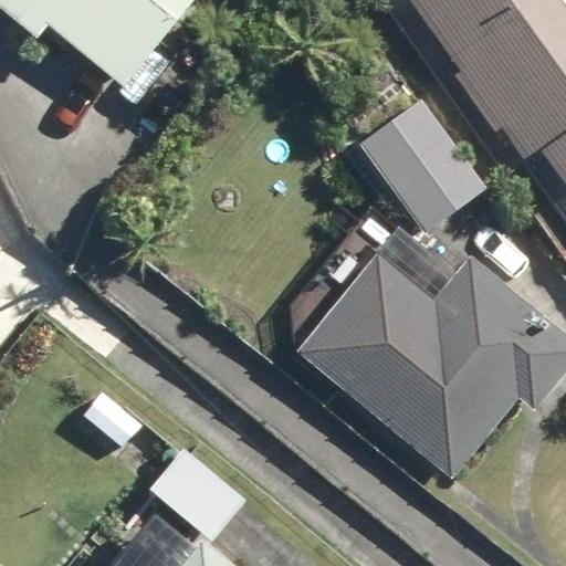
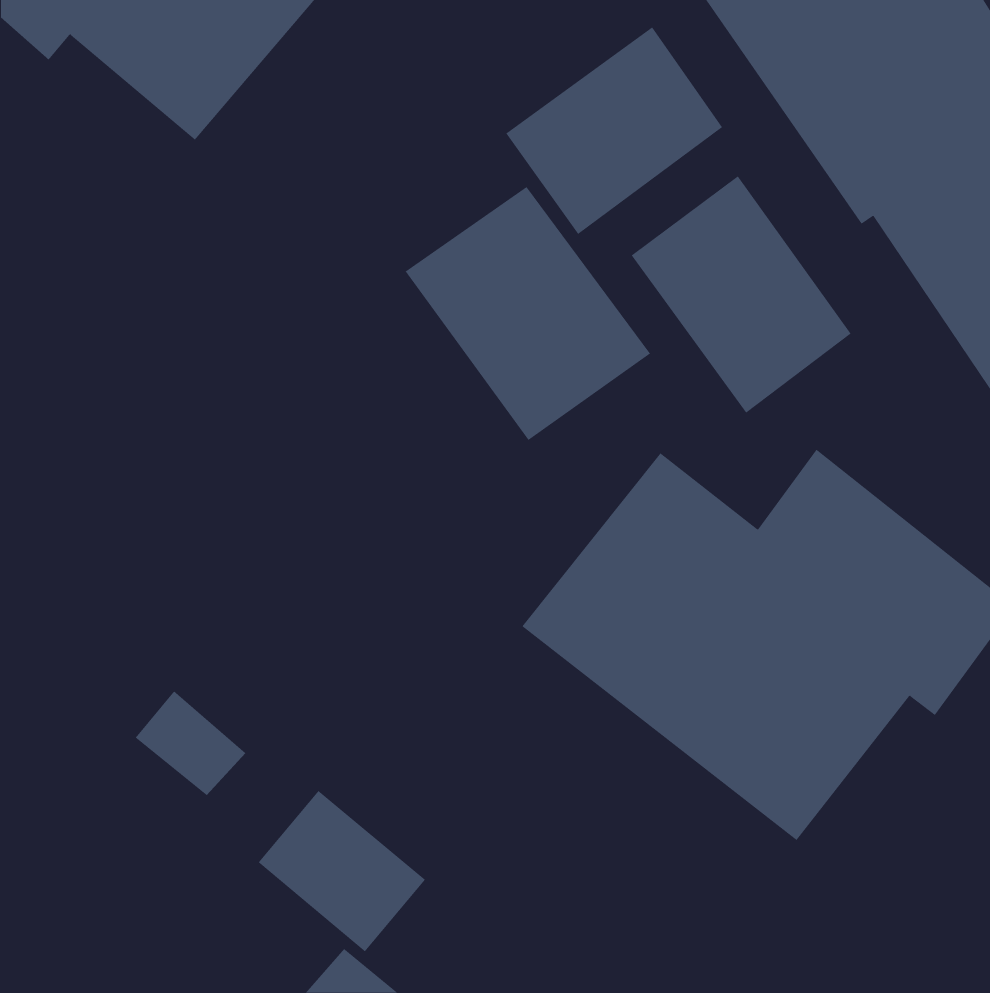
building: none -> [506,26,723,235]
building: none -> [405,186,651,441]

